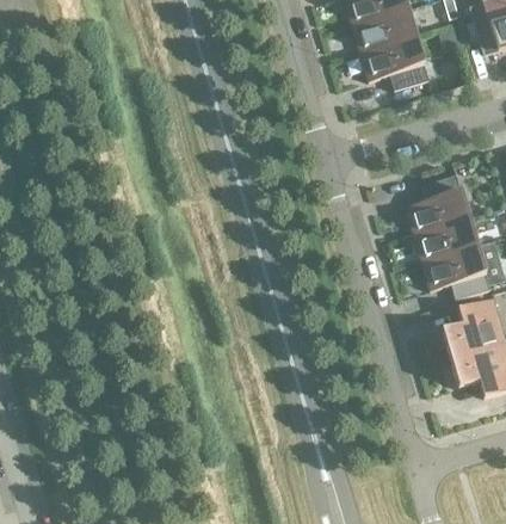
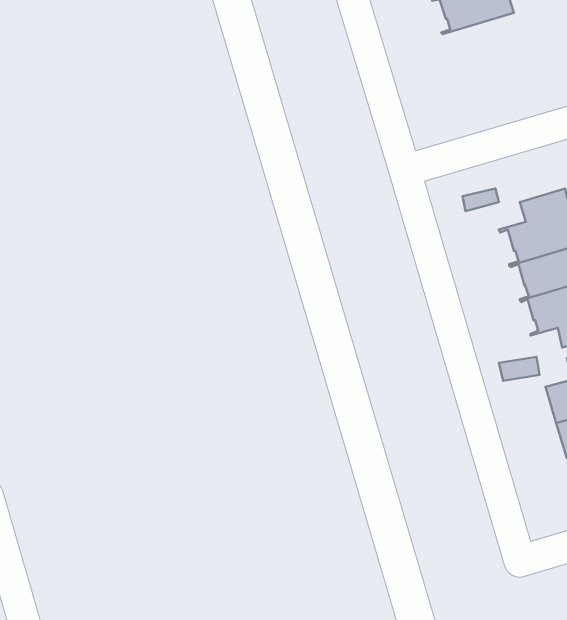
building: [360,35,428,90] -> none

